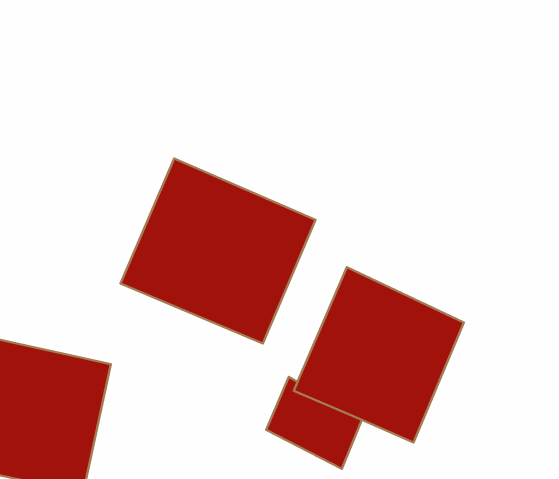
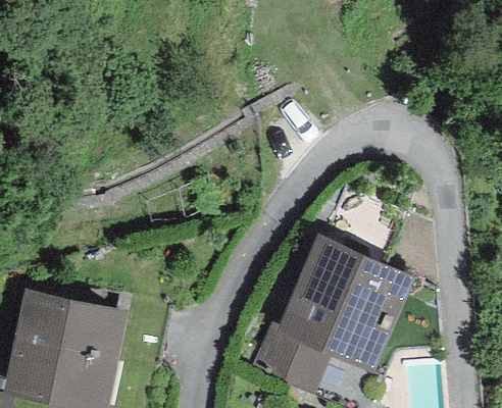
building: [121,159,315,343] -> none

